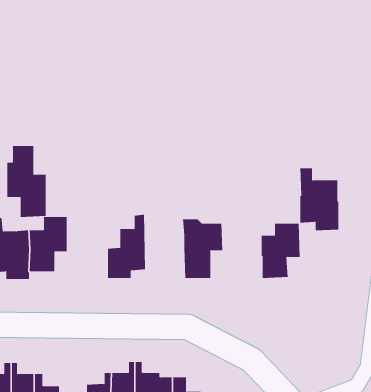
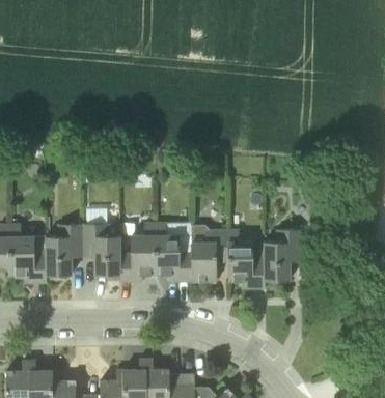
building: [7,146,46,217] -> [83,207,120,275]
building: [299,168,339,231] -> [228,229,266,288]
building: none -> [156,221,193,281]

